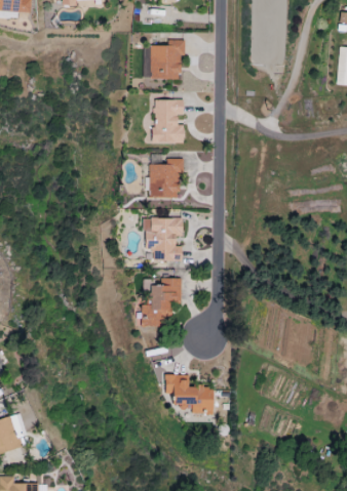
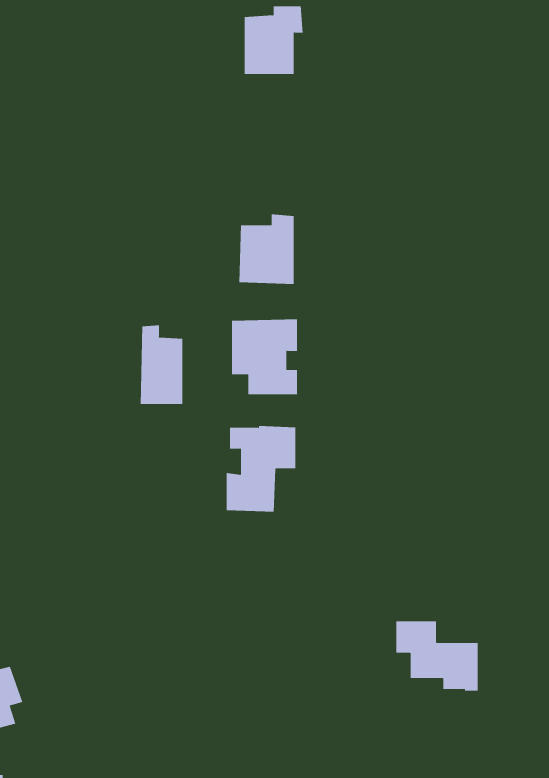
building: [153,99,184,142] -> none
building: none -> [140,324,183,405]
building: [165,374,213,414] -> [395,621,478,691]

